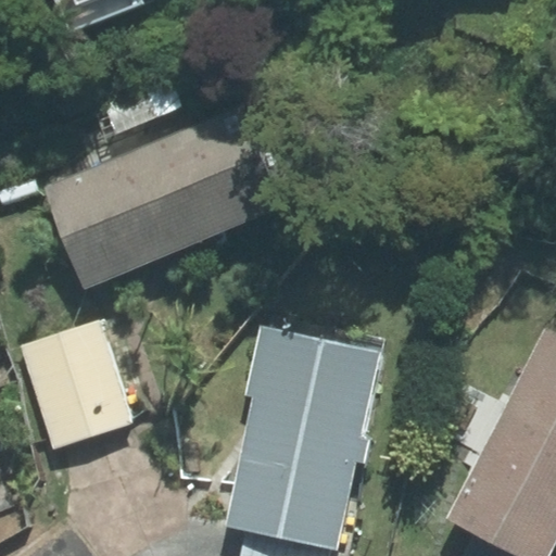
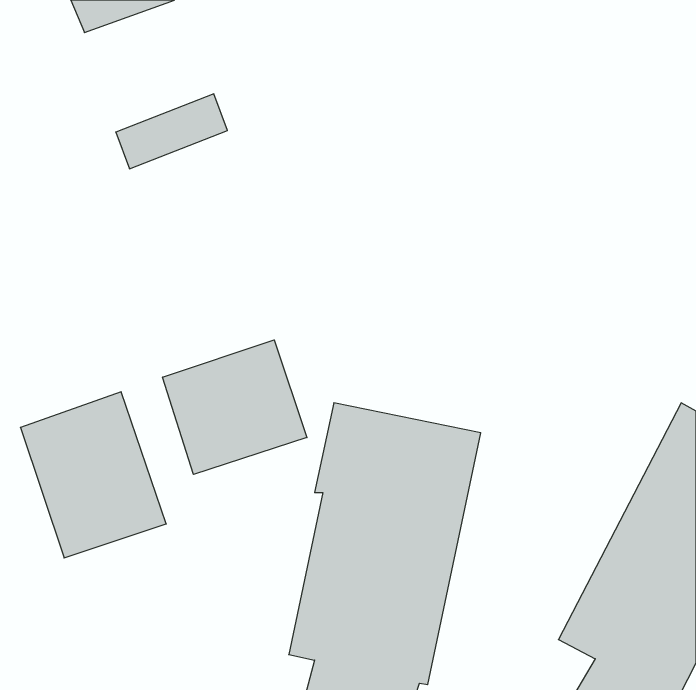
building: [46,108,285,288] -> none
building: none -> [163,340,307,474]

